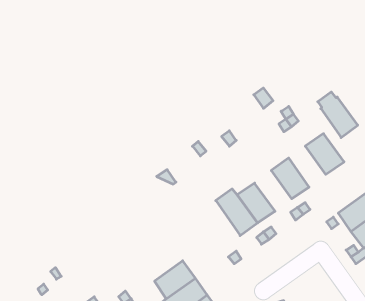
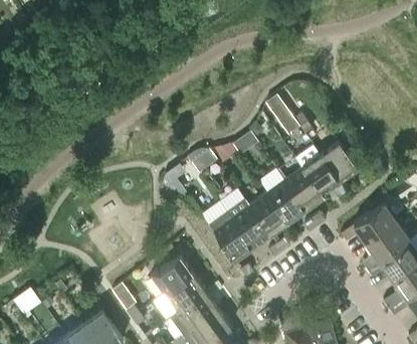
building: [318,92,358,138] -> [298,150,340,197]
building: none -> [266,180,304,222]
building: none -> [207,211,251,261]
building: none -> [150,255,192,295]

